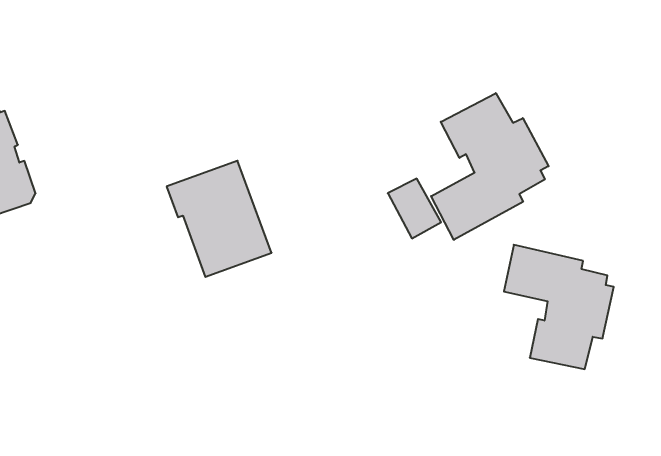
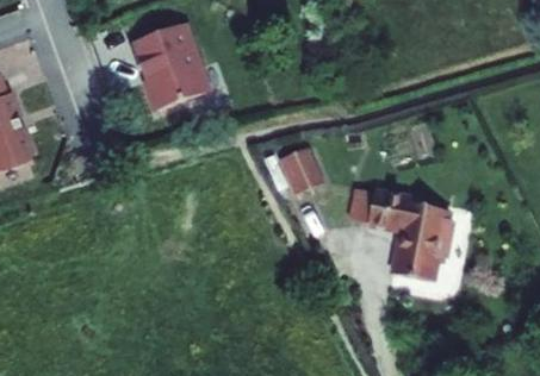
building: [431,93,549,240] -> none
building: [167,161,272,277] -> [126,27,204,113]

